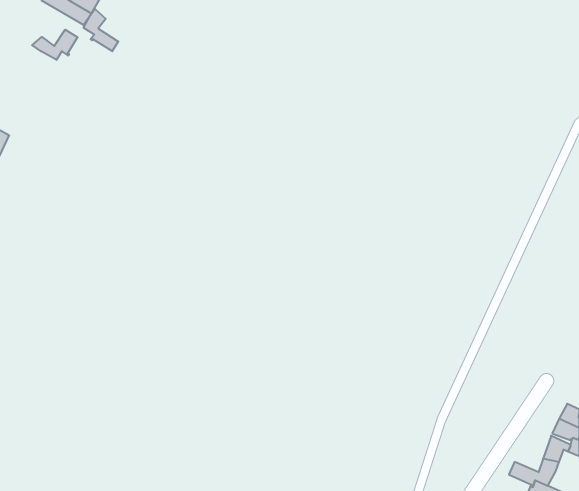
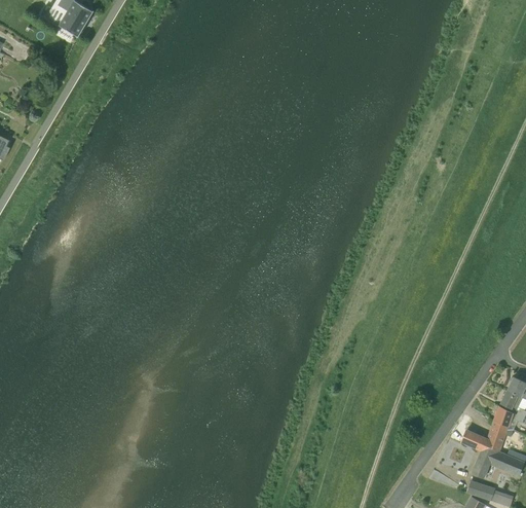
building: [84,9,118,51] -> none
building: [32,30,78,60] -> none

